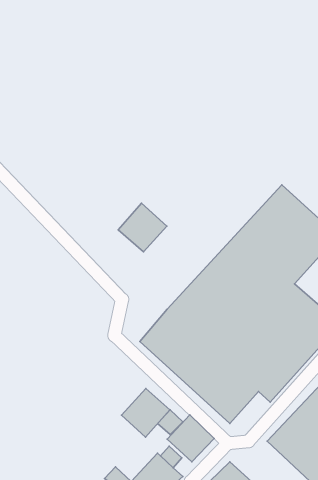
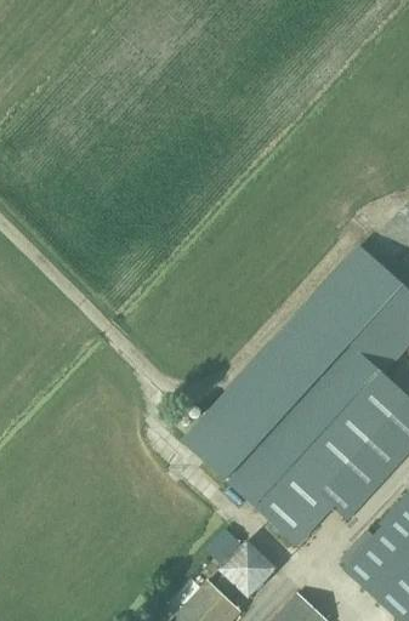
building: [118,203,167,252] -> none
building: [121,389,170,437] -> none

